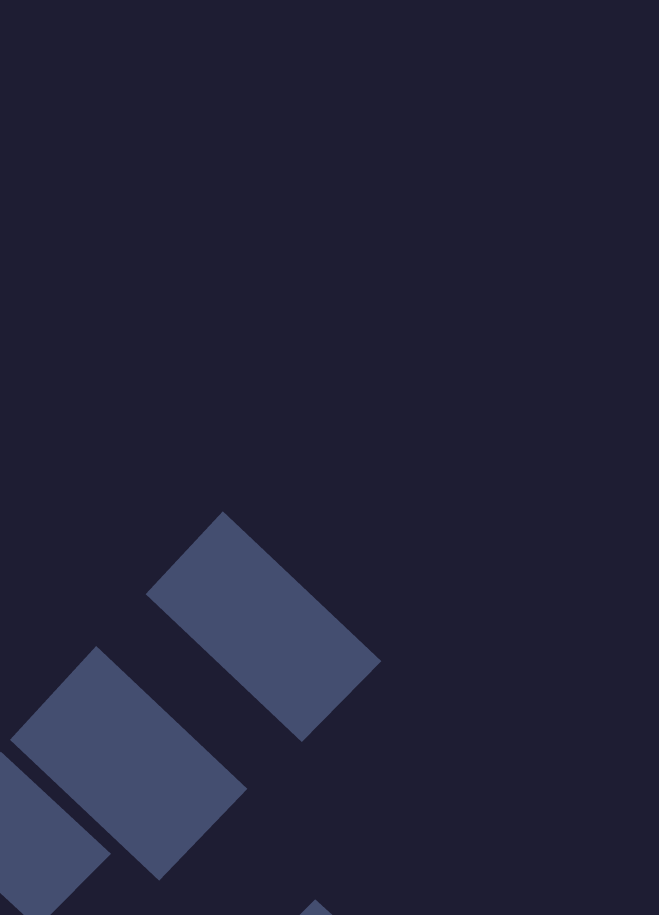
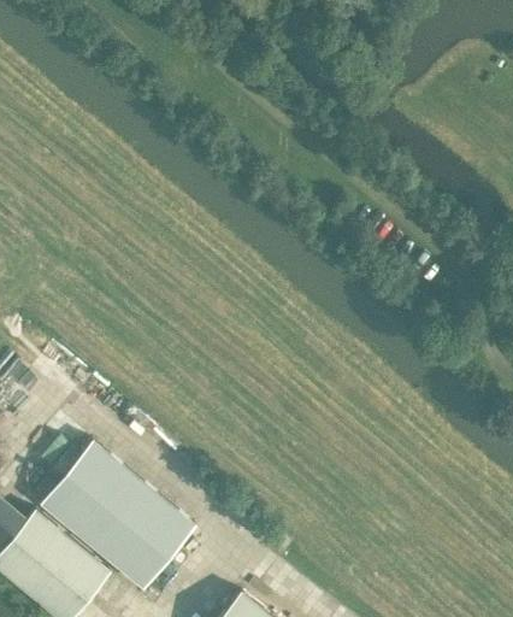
building: [145,511,382,743] -> none

